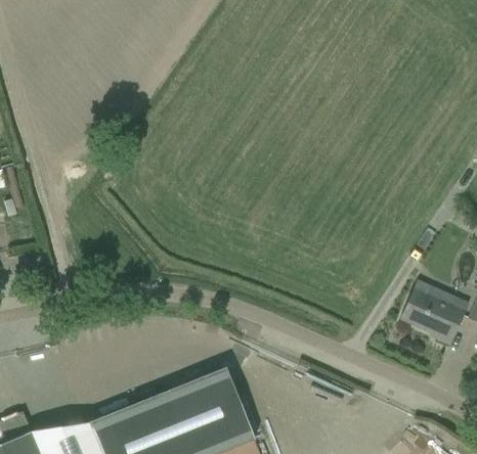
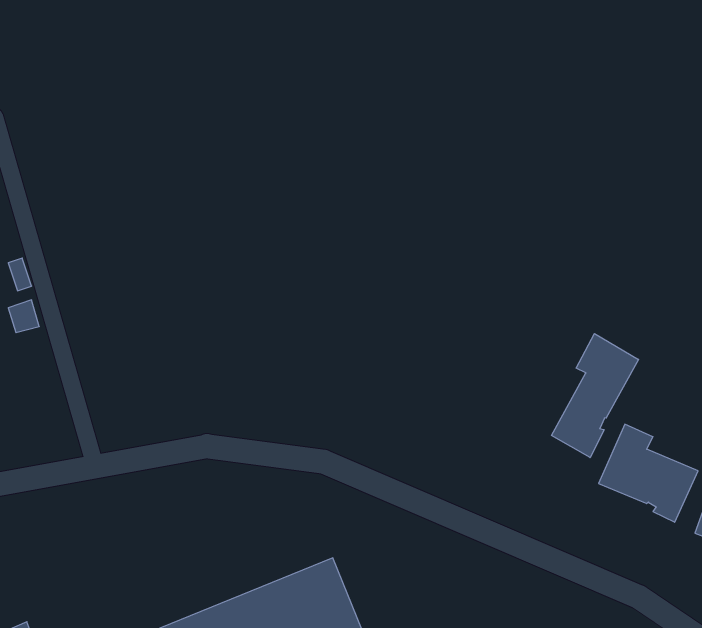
building: none -> [552,334,639,458]

